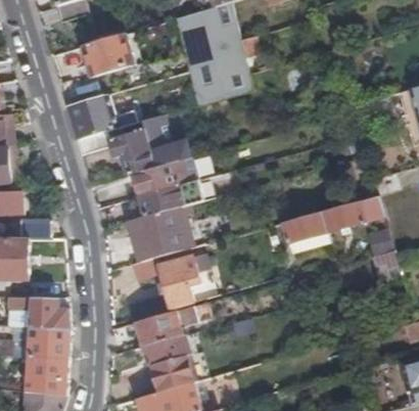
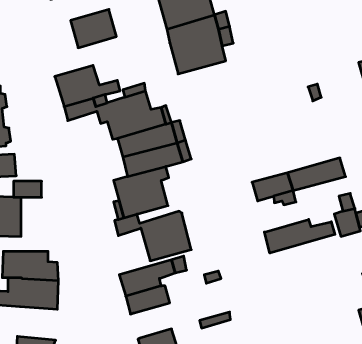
building: none -> [264,219,335,253]
building: [151,354,193,393] -> none
building: [25,358,68,395] -> none

